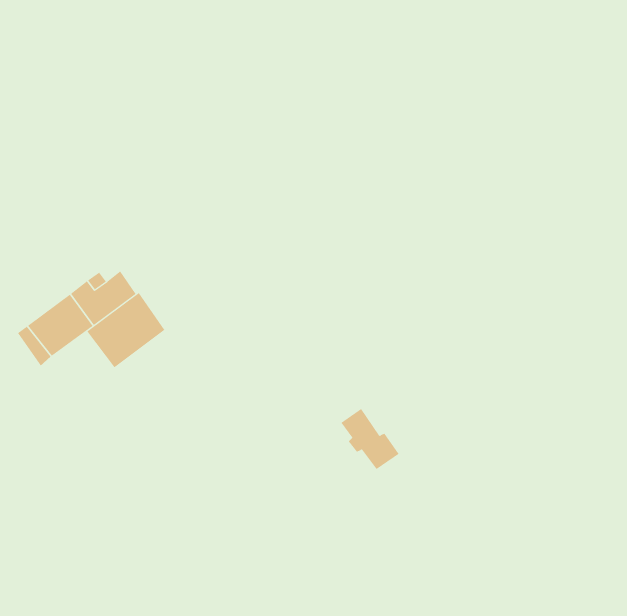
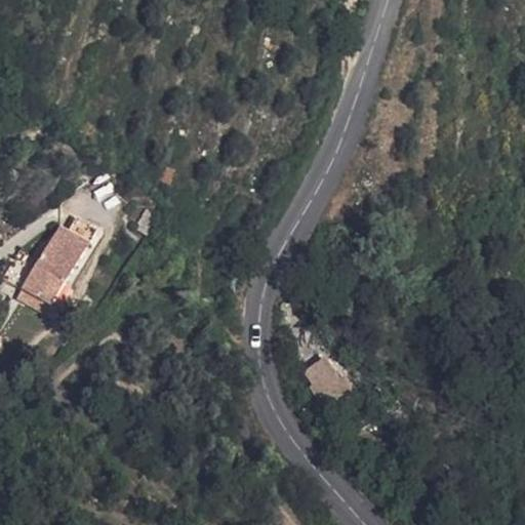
building: [86,292,165,368] -> none

